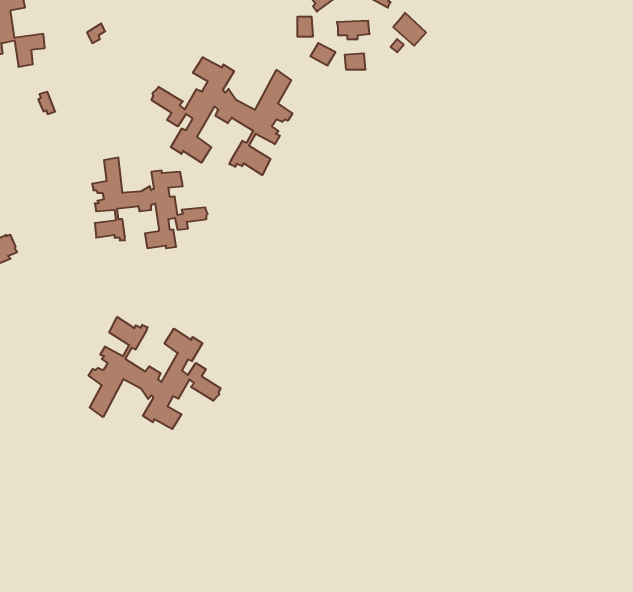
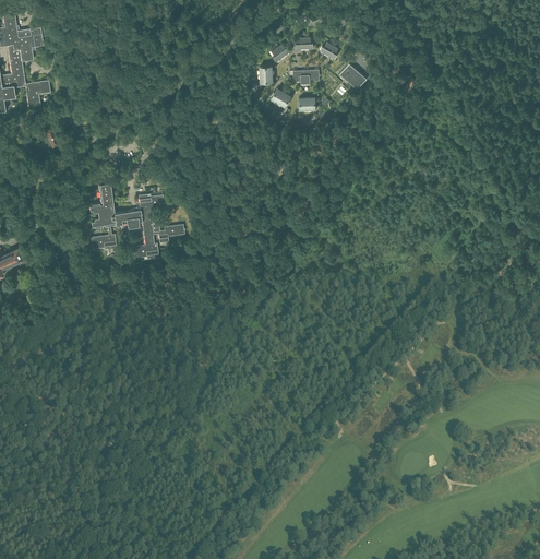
building: [152,57,292,175] -> none
building: [89,317,220,429] -> none

